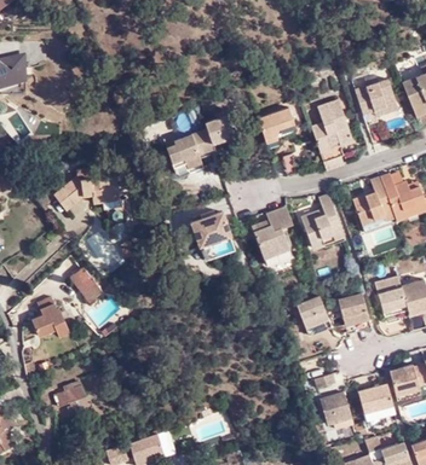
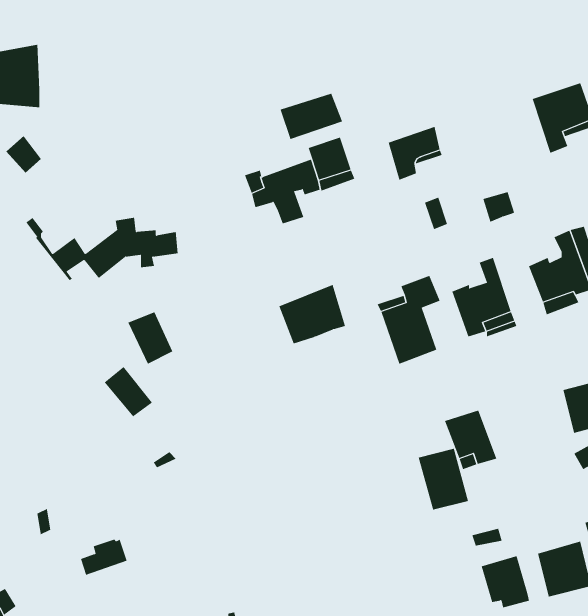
building: none -> [280,93,343,140]
building: [312,99,353,147] -> none
building: [338,292,372,333] -> [418,448,469,510]
building: [31,298,69,338] -> none

